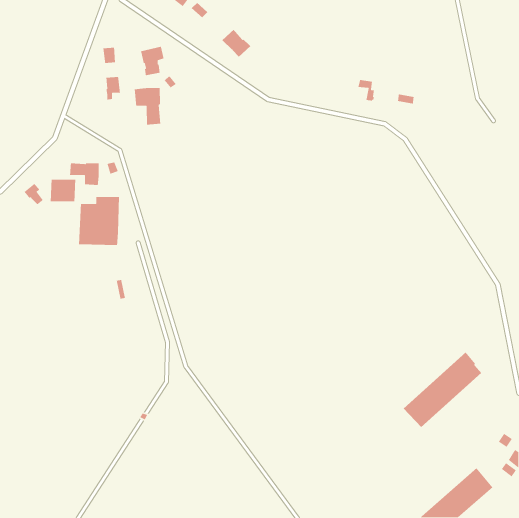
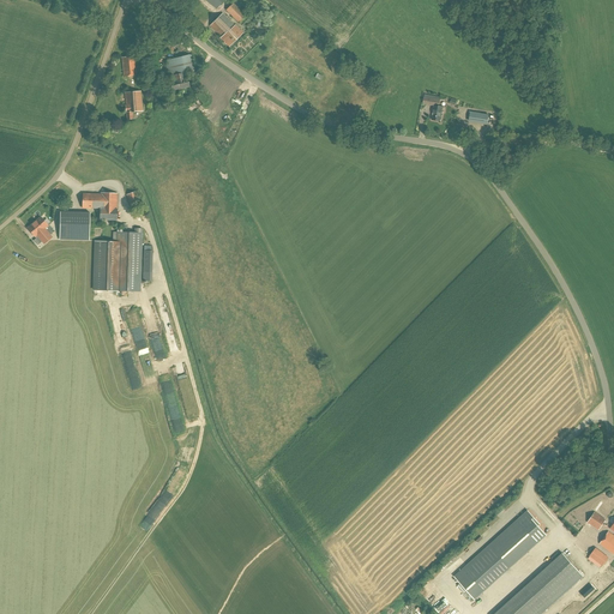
building: [222,29,251,57] -> [209,12,243,46]
building: [134,87,161,126] -> none
building: [403,352,482,428] -> [453,508,547,598]

